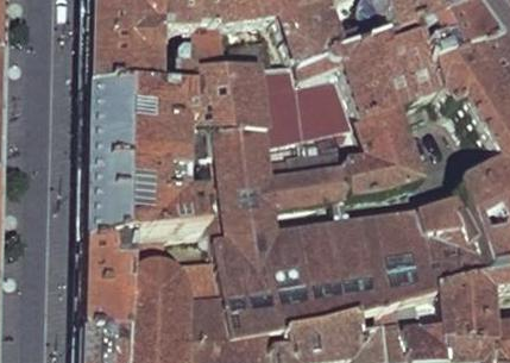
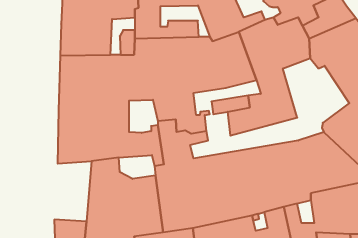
building: [294,170,329,211] -> none
building: [83,239,136,324] -> none

